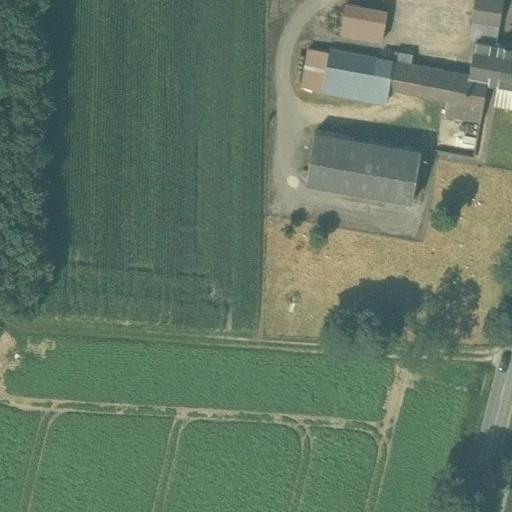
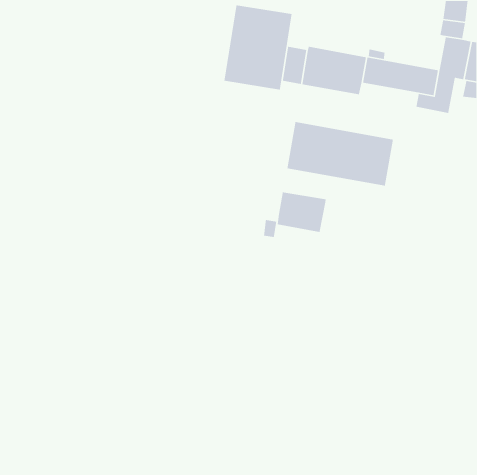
building: [341,6,388,44] -> none
building: none -> [224,5,293,90]
building: none -> [277,192,327,233]

